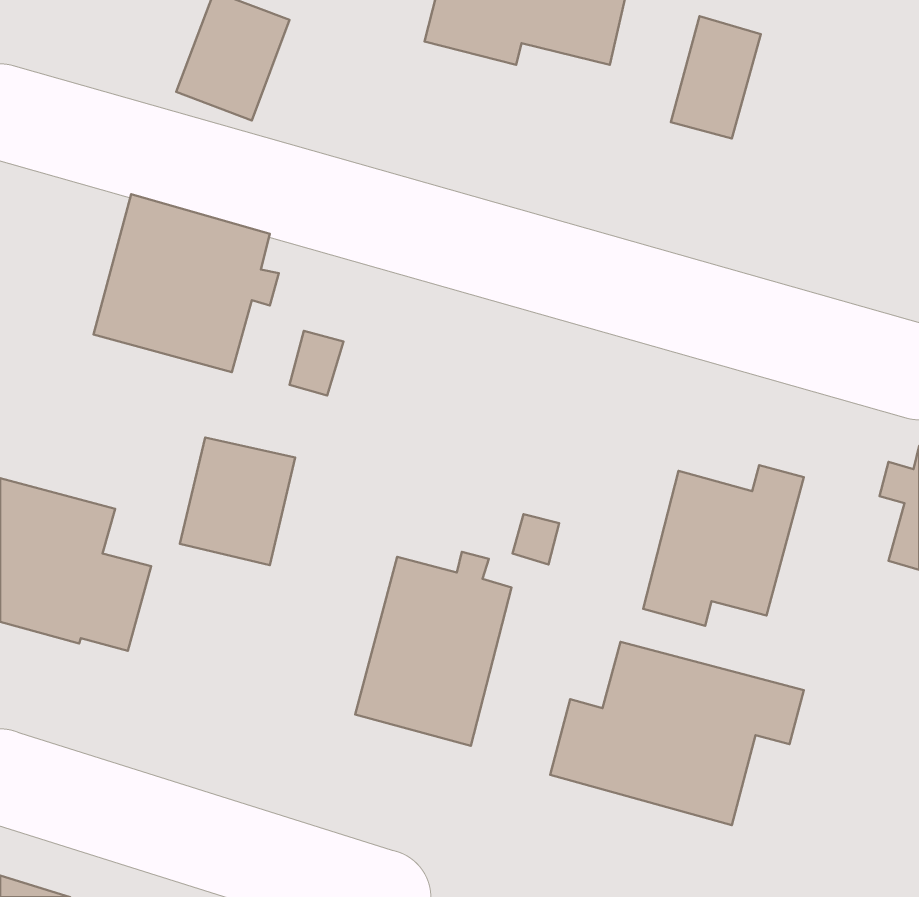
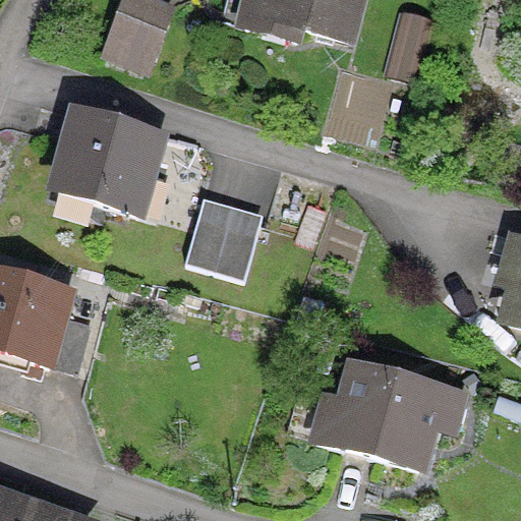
building: [180,438,295,565] -> [196,205,262,277]
building: [643,465,804,626] -> none
building: [355,552,512,746] -> none

